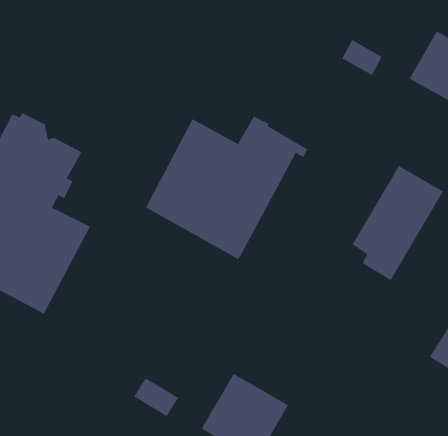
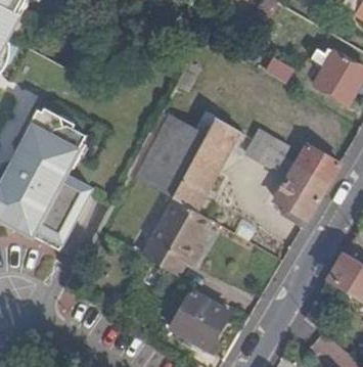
building: none -> [244,129,286,170]
building: none -> [140,199,209,275]

